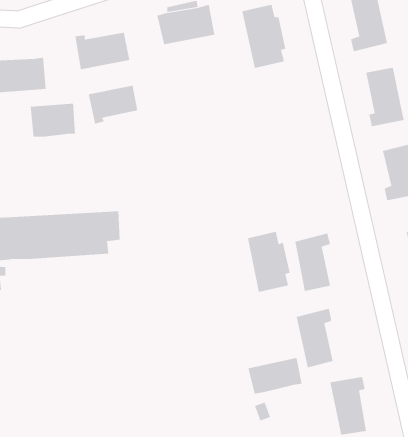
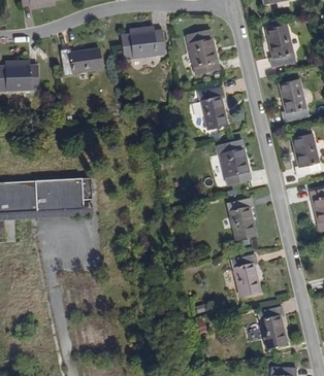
building: none -> [197,83,226,128]
building: [88,85,138,125] -> none
building: [30,103,75,138] -> none
building: [247,231,290,292] -> [216,137,248,182]
building: [248,357,302,394] -> none

